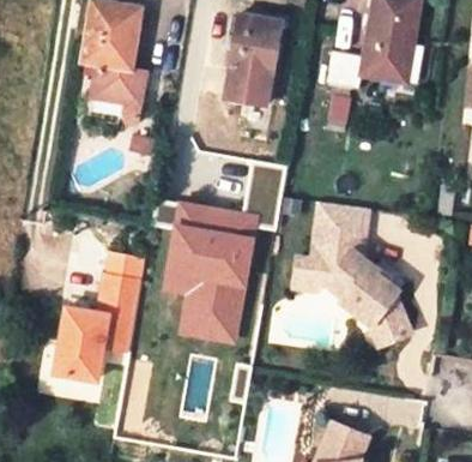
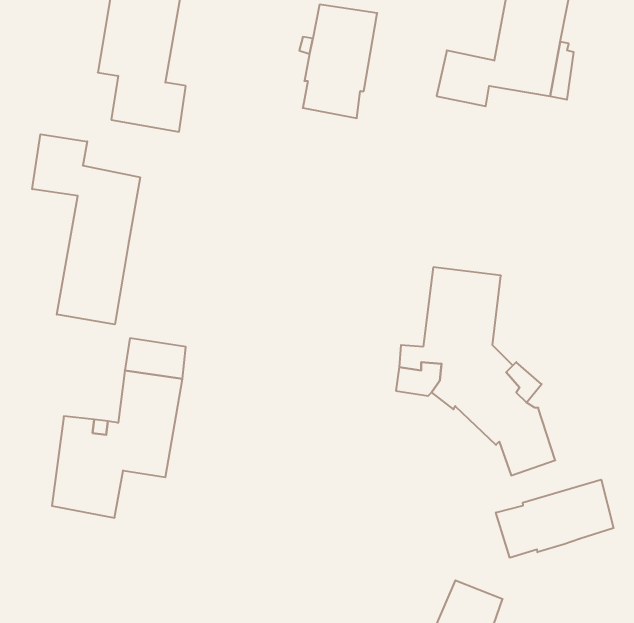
building: none -> [32,134,140,324]
building: [169,209,256,346] -> none
building: none -> [496,480,614,558]

